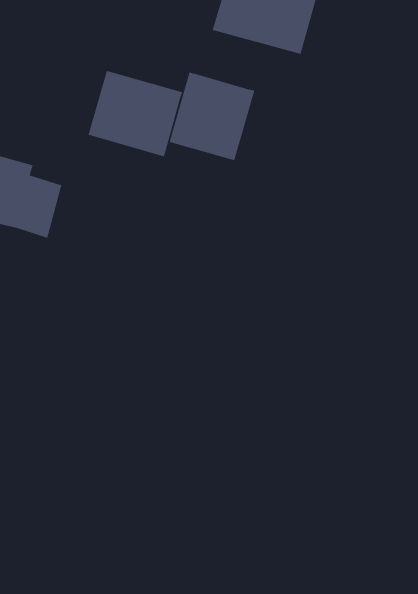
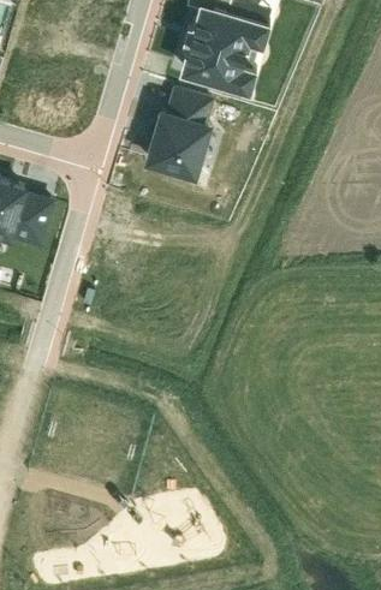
building: none -> [167,90,214,123]
building: [88,70,183,157] -> none

